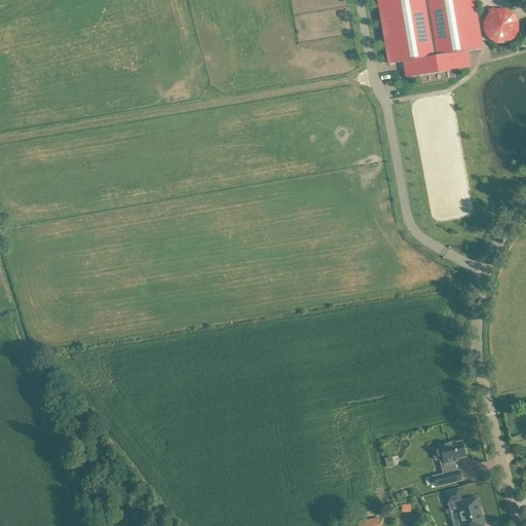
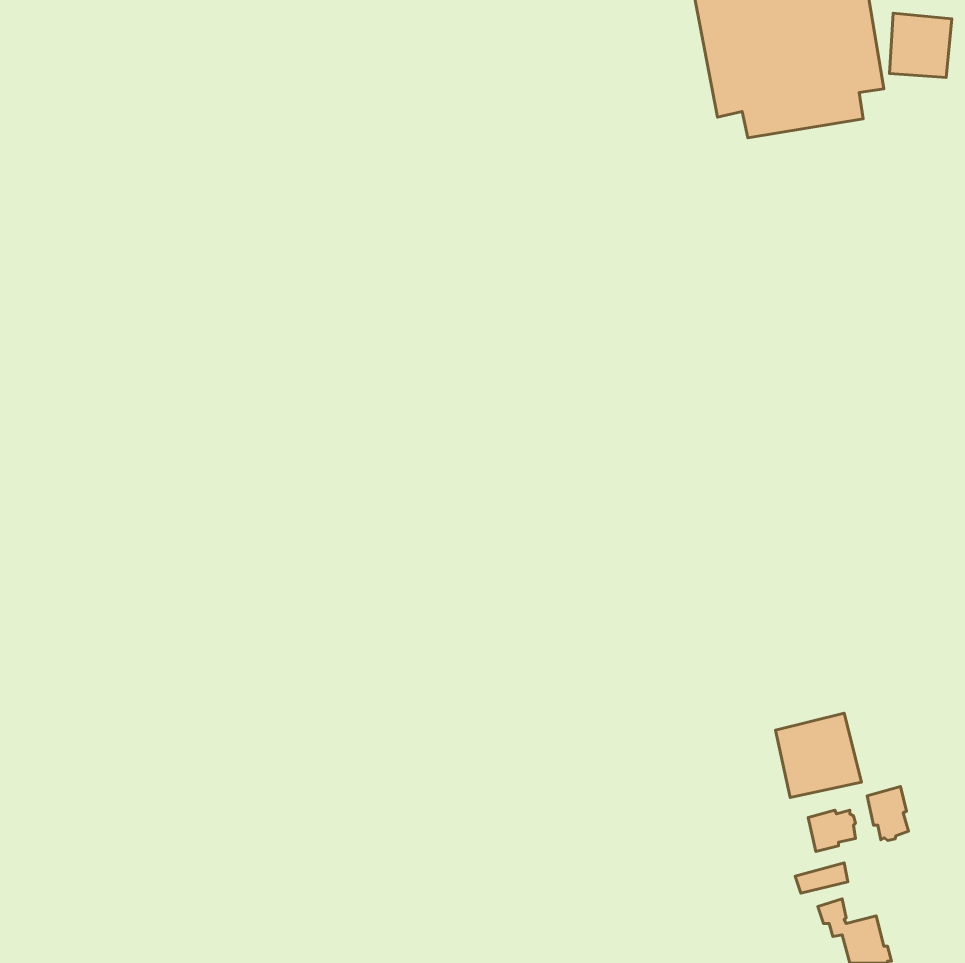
building: none -> [776,713,862,798]
building: none -> [867,786,908,841]

